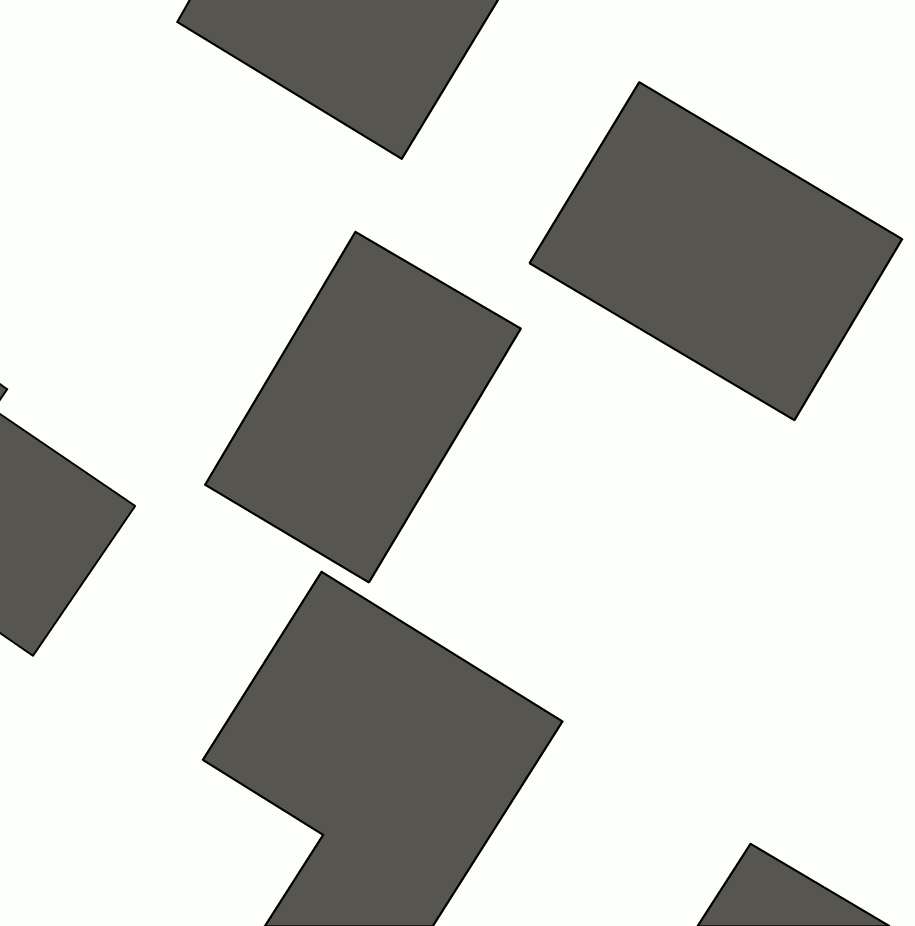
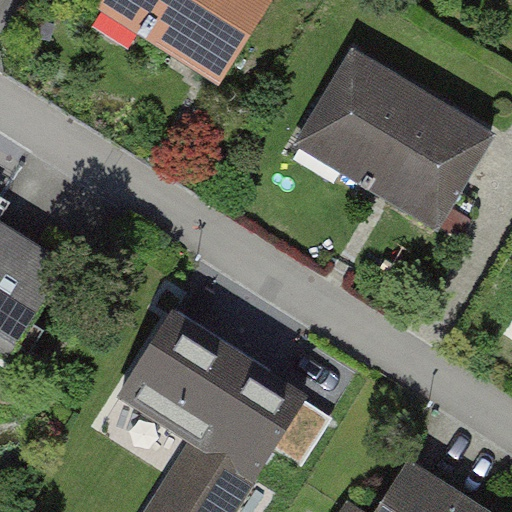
building: [205,232,521,582] -> none

